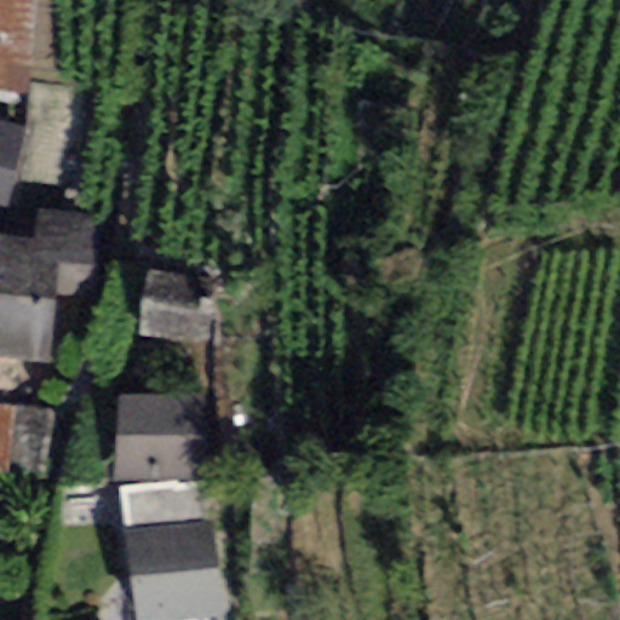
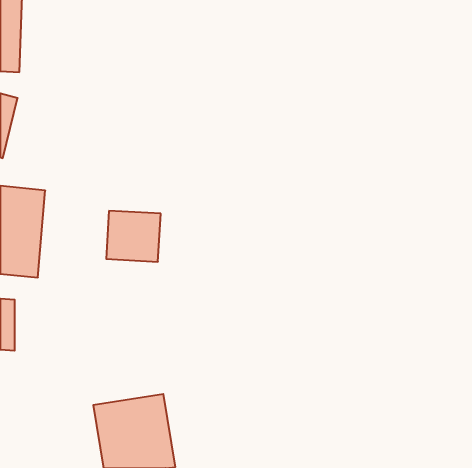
building: [116,397,214,483] -> none

